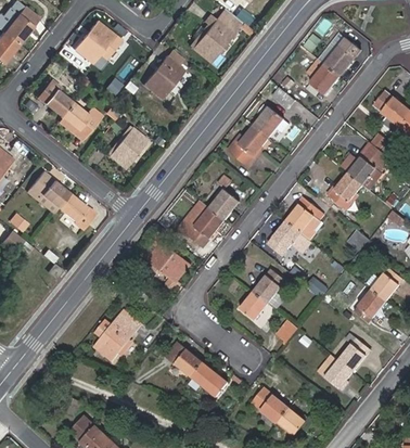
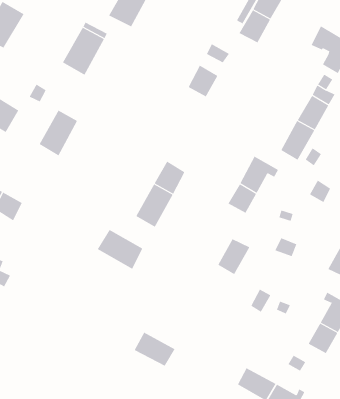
building: [227,126,268,166] -> none
building: [239,292,267,321] -> none
building: [91,309,141,362] -> none
building: [190,362,227,397] -> none

